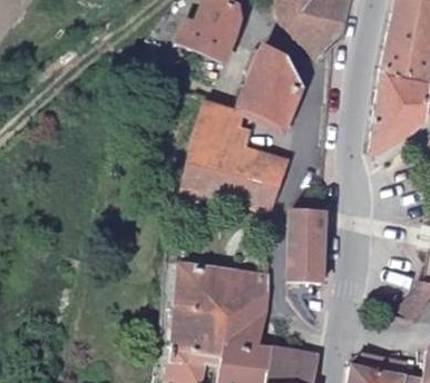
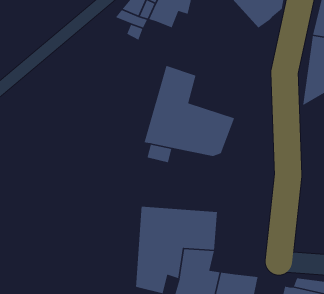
building: [244,51,302,127] -> none
building: [290,213,322,296] -> none

